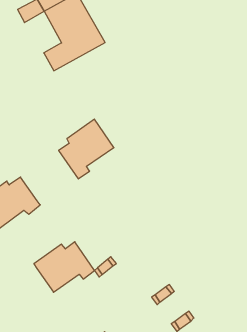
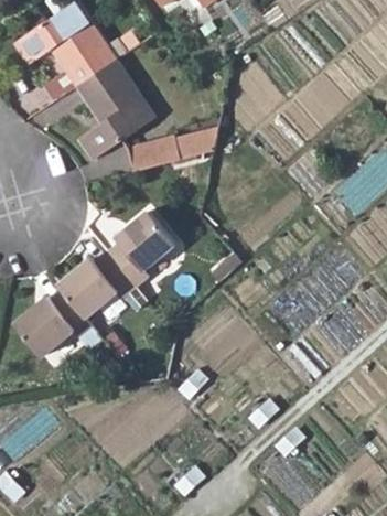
building: none -> [107,128,209,182]
building: [34,242,95,292] -> [61,252,137,318]

